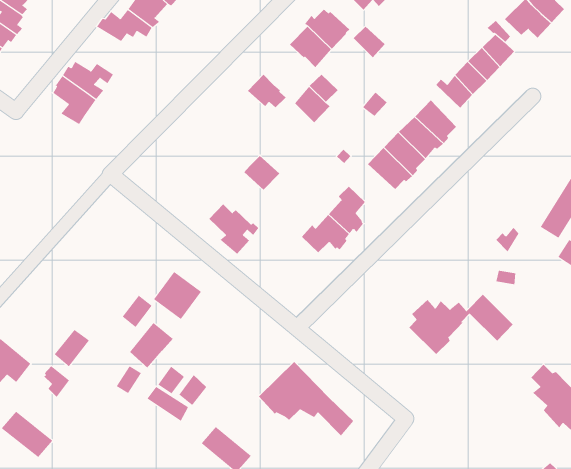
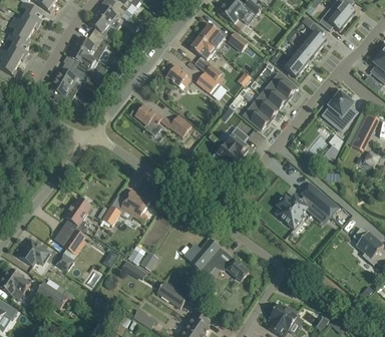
building: none -> [68,45,96,76]
building: none -> [325,88,355,133]
building: [208,203,259,255] -> [135,104,166,134]
building: [129,322,173,368] -> [65,197,91,225]

